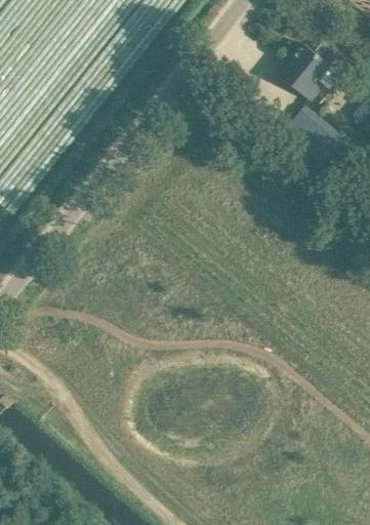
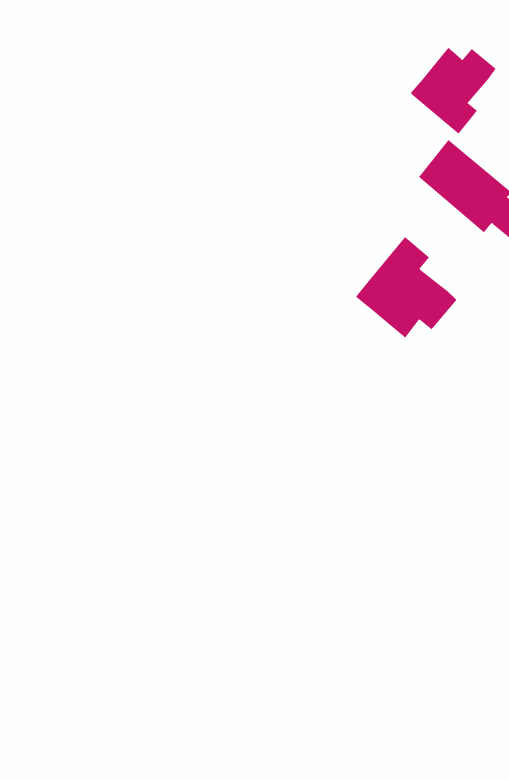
building: none -> [356,236,457,339]

